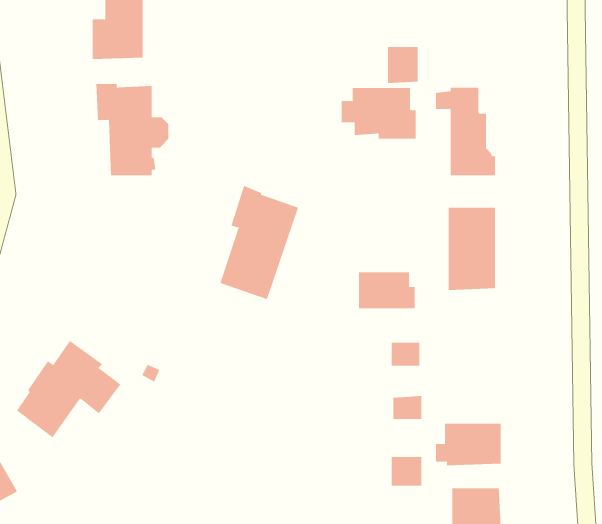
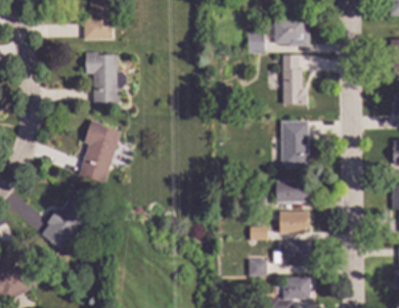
building: [341,88,416,139] -> [268,17,310,46]
building: [220,185,299,300] -> [79,120,123,183]
building: [358,272,415,309] -> [277,181,309,202]
building: none -> [280,212,309,233]

